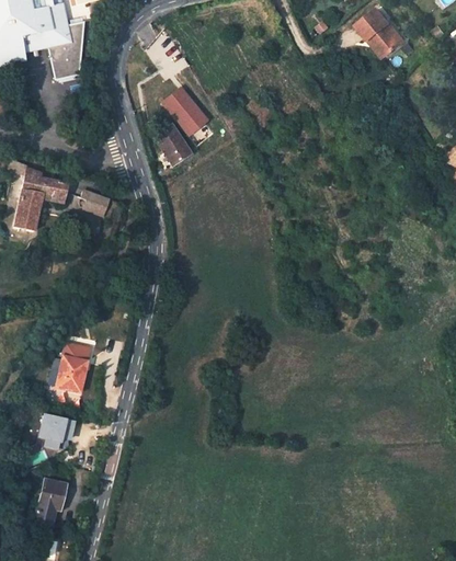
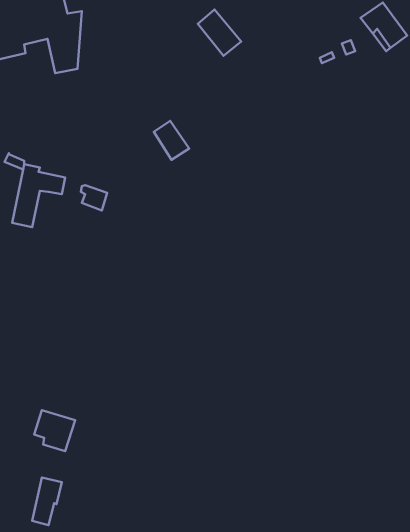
building: [164,89,207,135] -> [198,9,241,56]
building: [56,344,88,393] -> none

